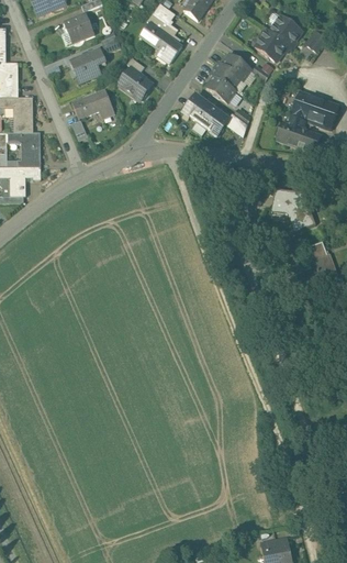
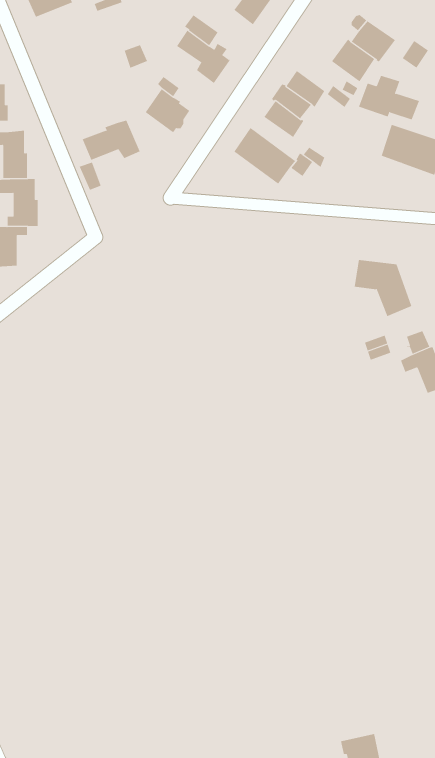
building: [64,12,94,42] -> none
building: [71,47,107,79] -> none
building: [276,117,321,150] -> [358,75,420,120]

